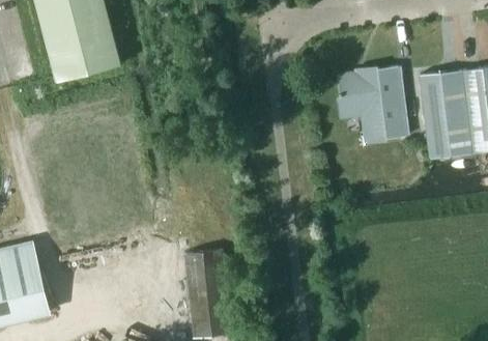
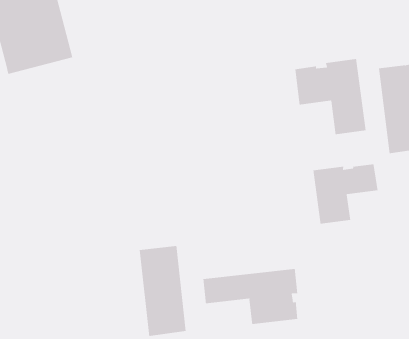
building: none -> [313,164,378,225]
building: none -> [203,268,298,325]

